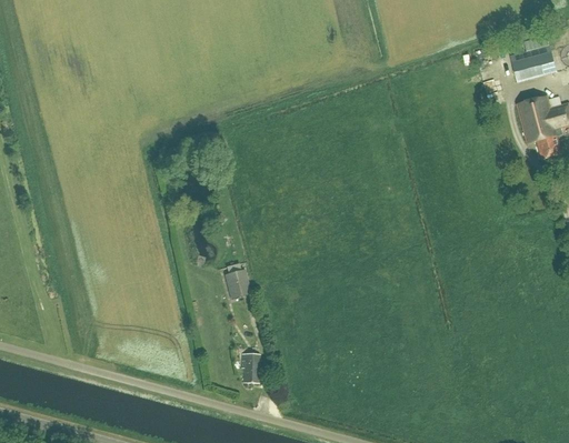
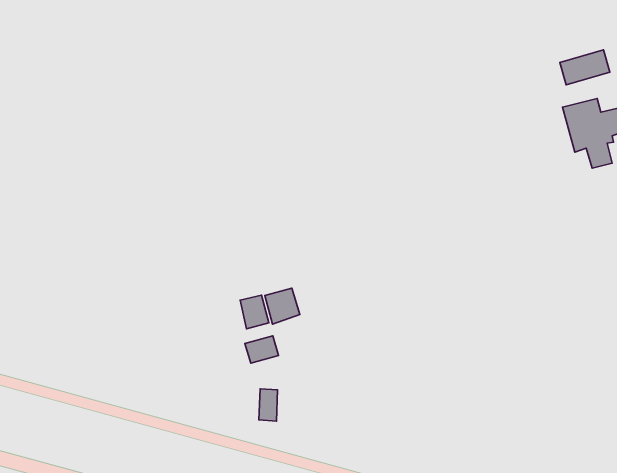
building: none -> [265,288,300,324]
building: none -> [245,336,279,363]

